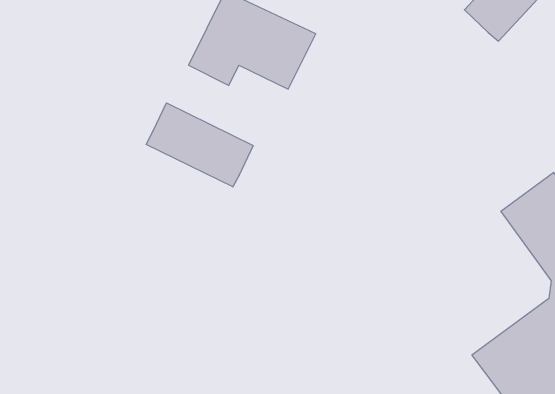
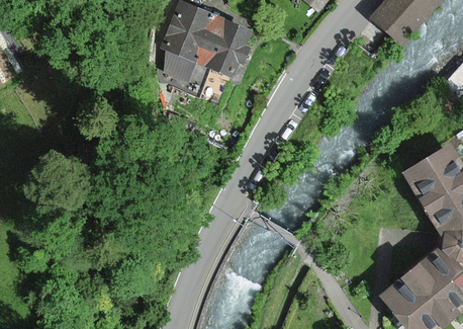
building: [146,103,253,187] -> none

